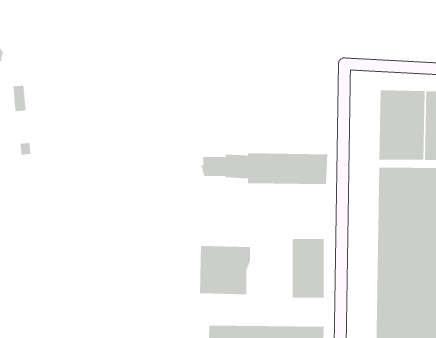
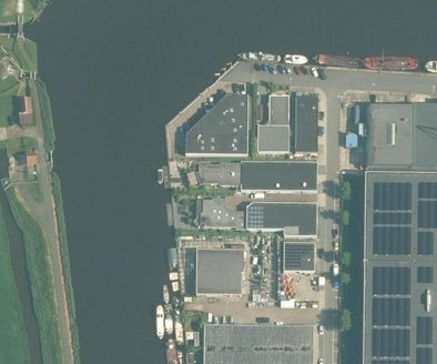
building: none -> [185,93,247,154]
building: none -> [257,95,288,152]
building: none -> [295,97,317,152]
building: none -> [193,198,316,235]

